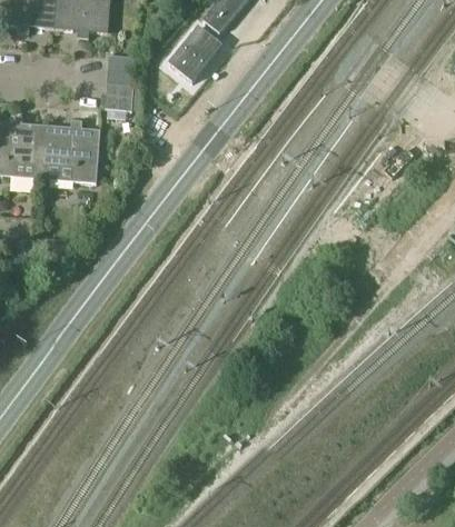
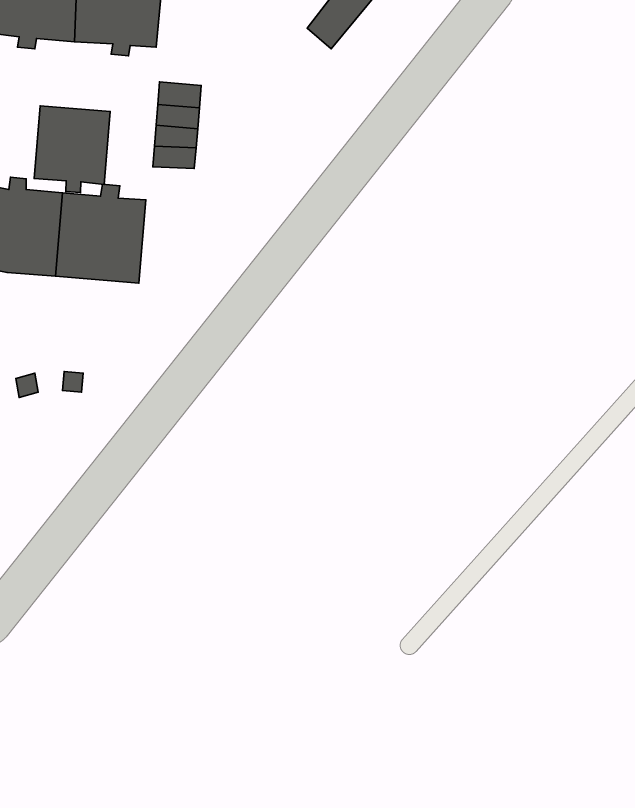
building: [167,24,221,82] -> none
building: none -> [34,106,110,193]

